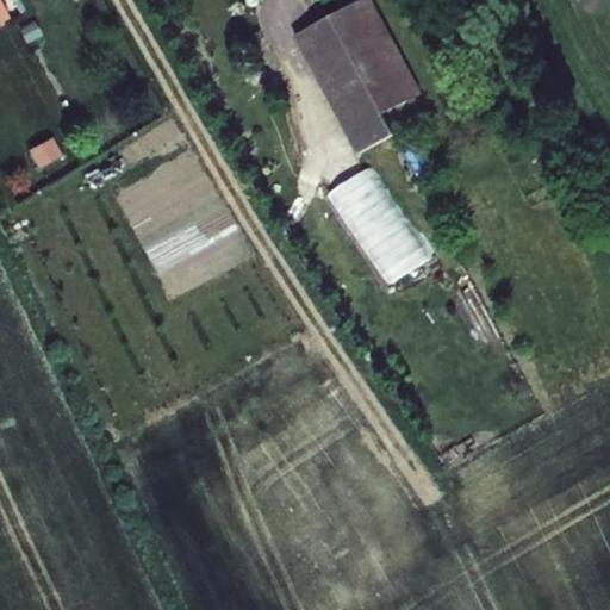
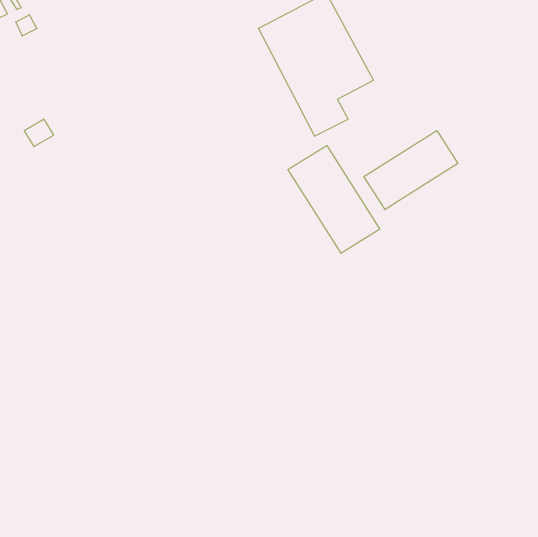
building: none -> [364,131,458,210]

